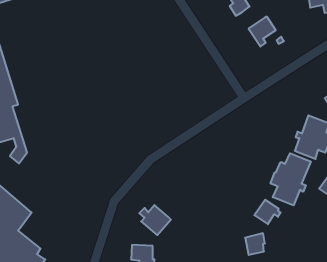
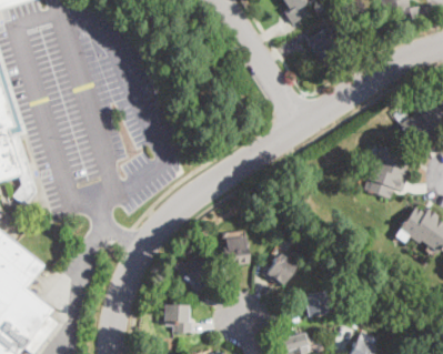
building: [271,153,311,205] -> none
building: none -> [224,236,249,265]
building: [254,200,281,224] -> [265,254,298,284]

